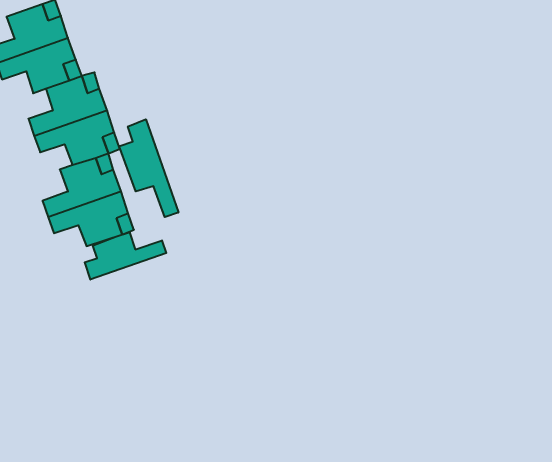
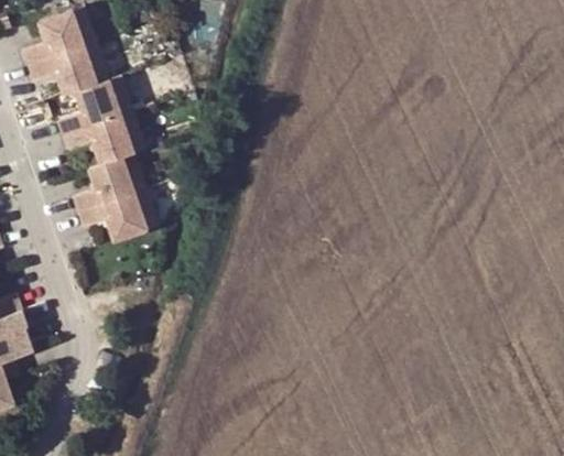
building: [119,119,178,217] -> none
building: [85,232,166,280] -> none

